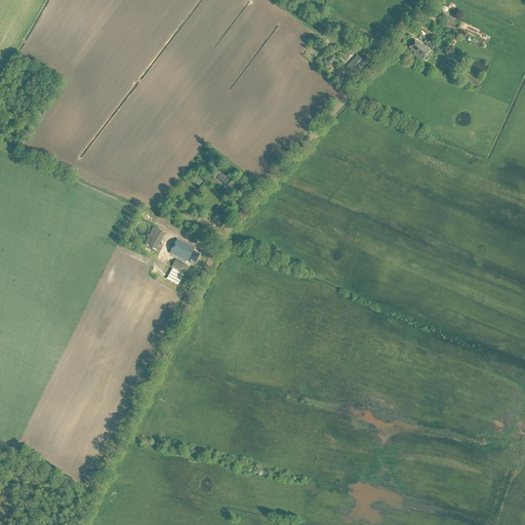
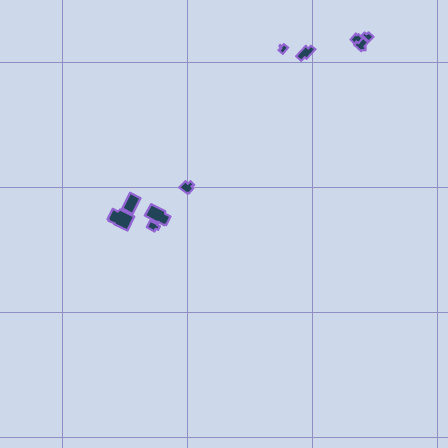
building: none -> [108,209,134,230]

